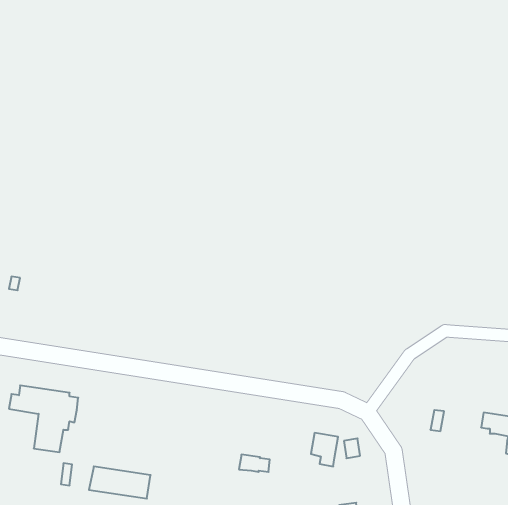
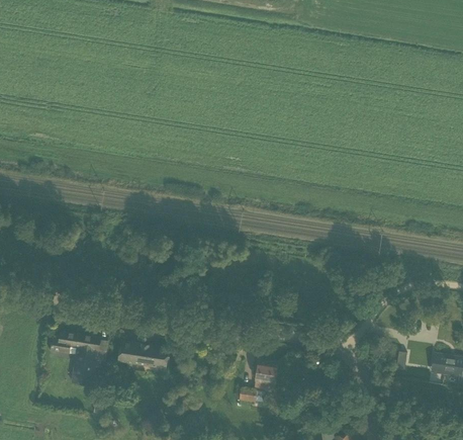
building: [311,433,338,466] -> [253,364,275,391]
building: [89,466,151,499] -> [115,343,166,369]

